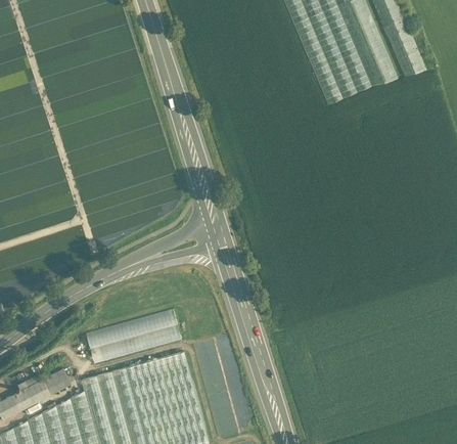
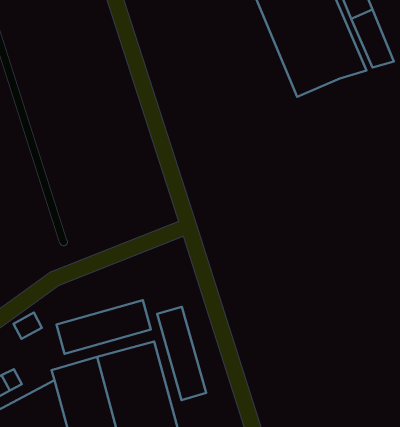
building: none -> [157,307,206,400]
building: [43,367,72,394] -> [13,313,42,339]

